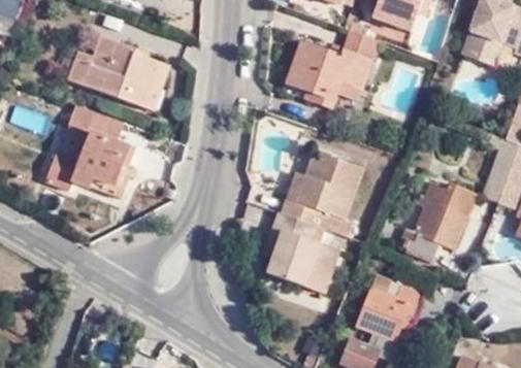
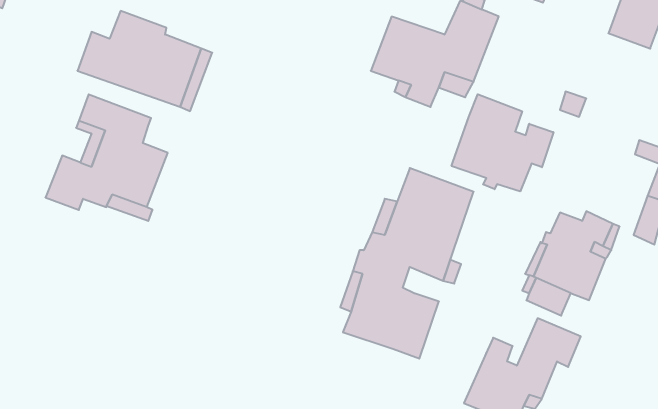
building: none -> [452,94,553,191]

